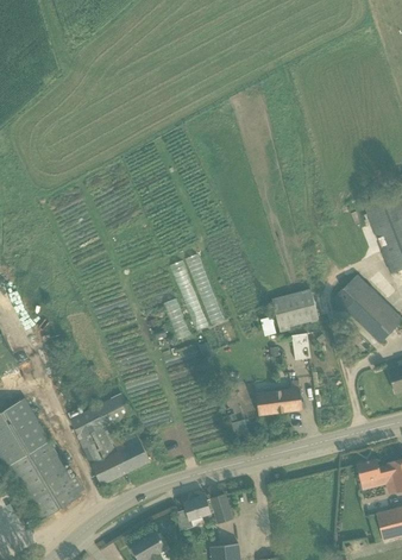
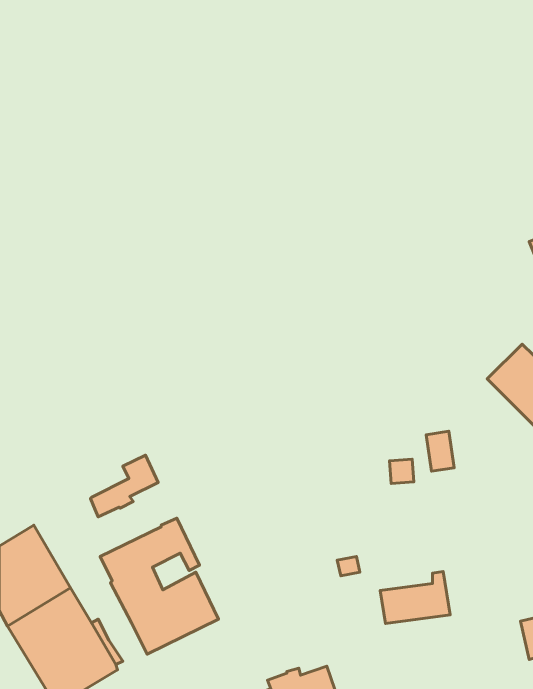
building: [271,289,318,333] -> none
building: none -> [90,455,158,517]
building: [255,380,302,416] -> [380,571,450,624]

